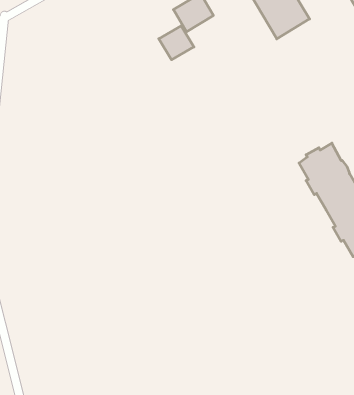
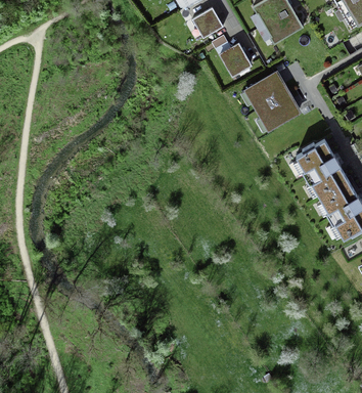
building: [159,26,194,60] -> [220,43,251,73]
building: none -> [237,73,296,132]

